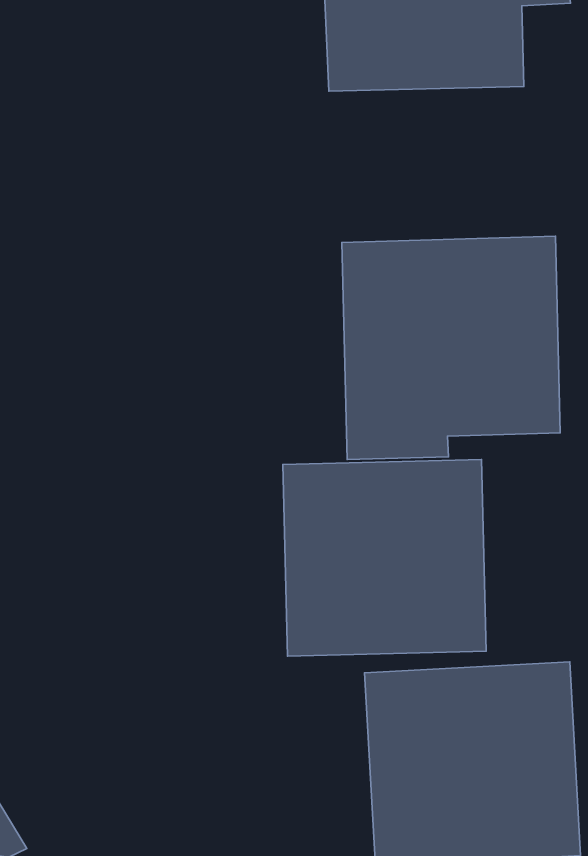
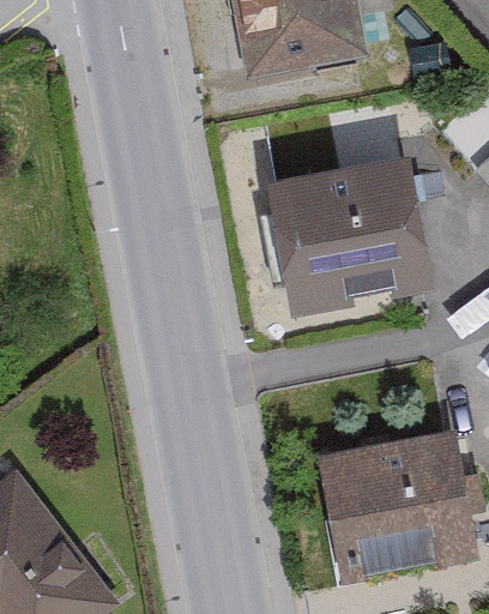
building: [283,459,486,656] -> none

